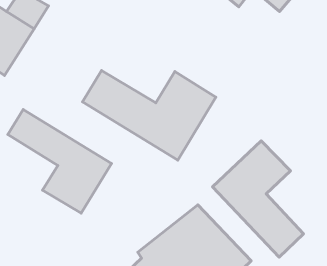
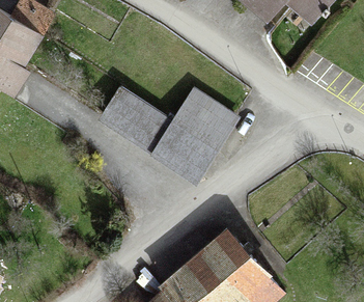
building: [8,110,112,213] -> none
building: [212,141,304,257] -> none

